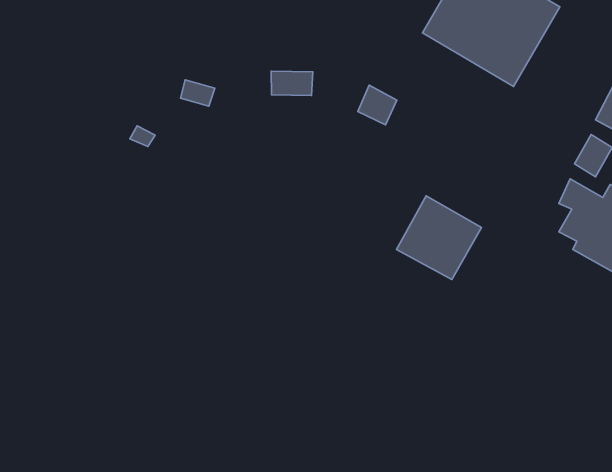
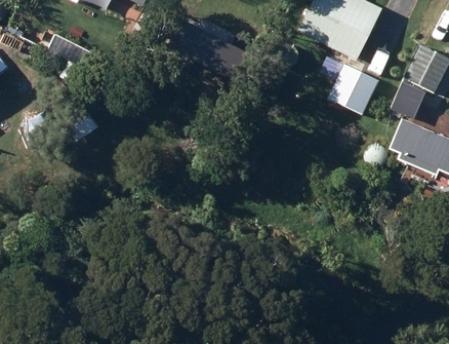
building: [396,196,482,279] -> [328,63,379,113]

